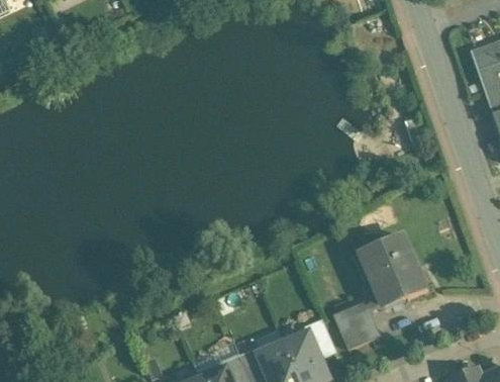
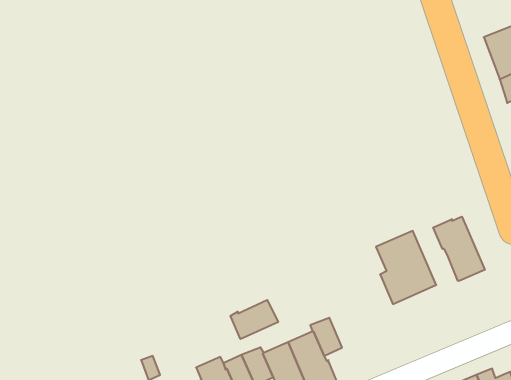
building: none -> [433,217,485,281]
building: none -> [231,300,278,339]
building: [333,309,380,348] -> none

